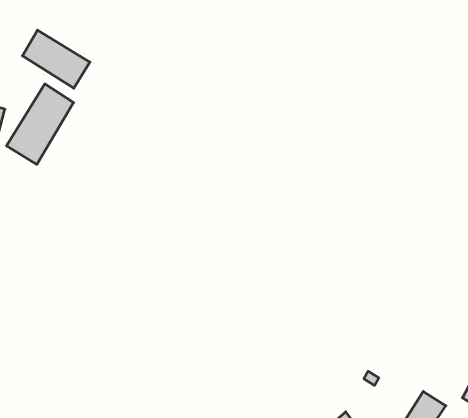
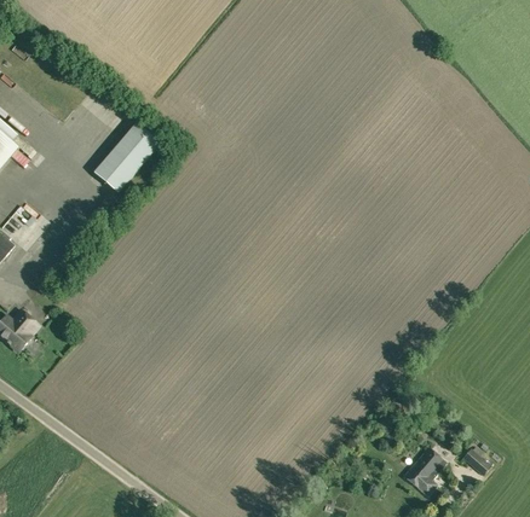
building: [22,30,90,88] -> none

